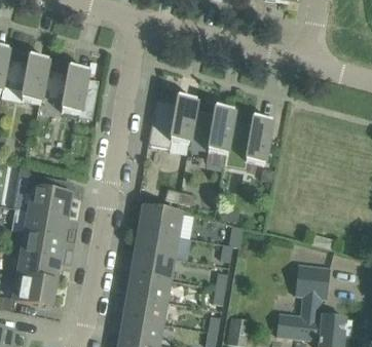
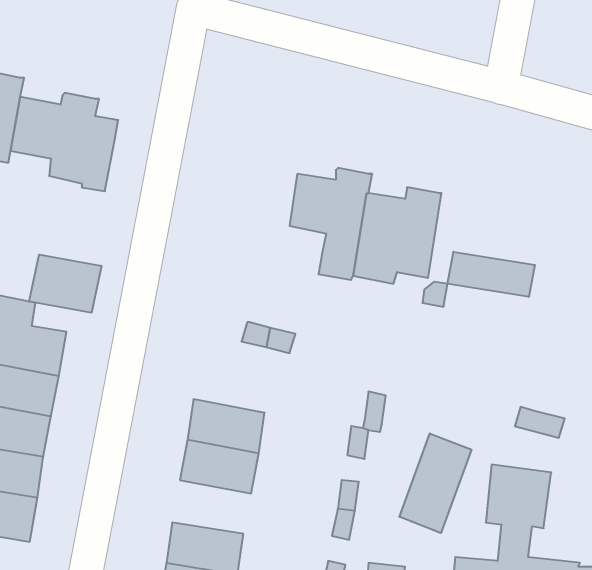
building: [148,97,196,149] -> none
building: none -> [447,252,535,297]
building: none -> [29,255,101,313]
building: [139,206,181,237] -> none
building: none -> [399,433,471,533]
building: [127,273,170,302] -> none

